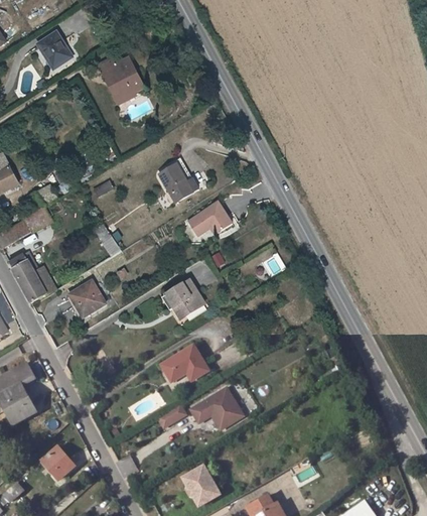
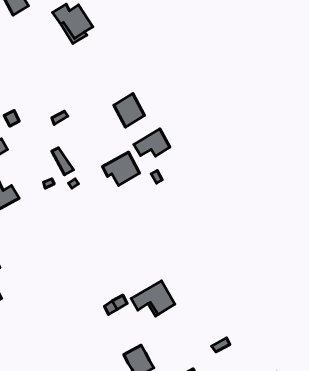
building: [67,281,105,314] -> none
building: [161,283,205,324] -> [103,152,139,186]
building: [160,346,206,383] -> none
building: [40,440,70,474] -> none

